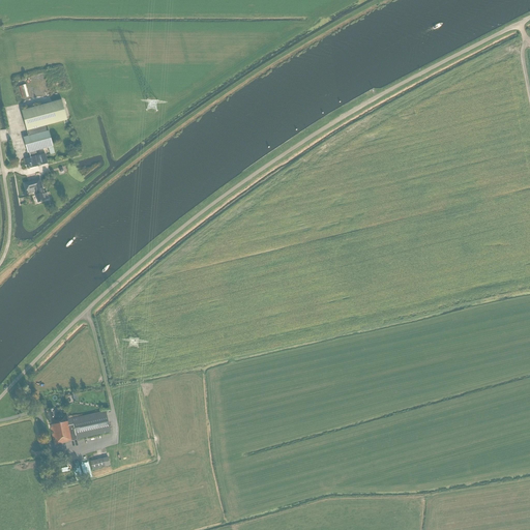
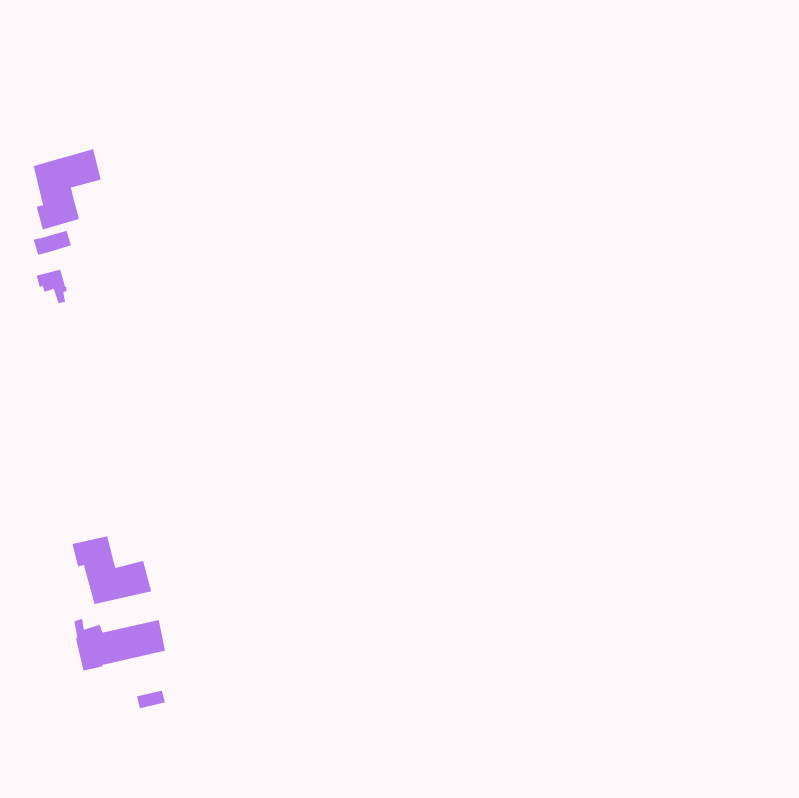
building: none -> [72,536,152,605]

